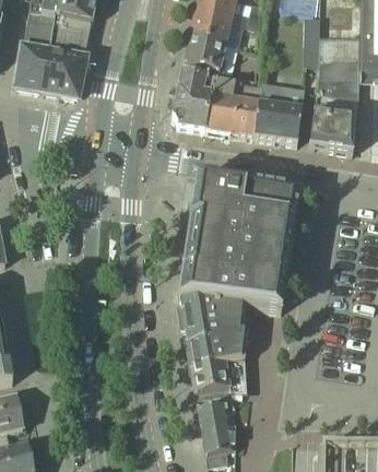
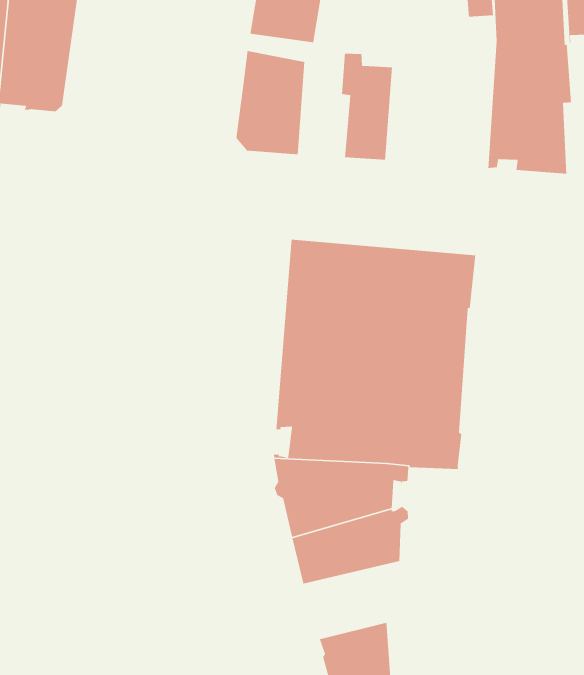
building: [205,72,236,132] -> none
building: [253,81,306,142] -> none
building: [190,357,246,397] -> none

